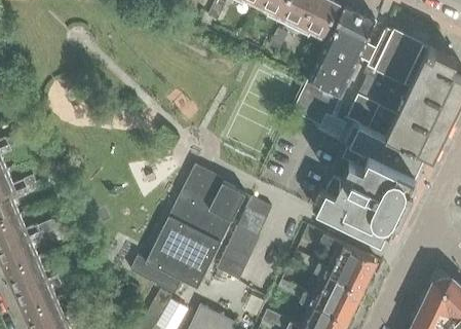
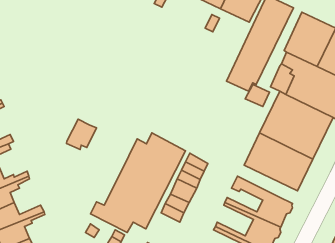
building: none -> [66,119,97,150]

